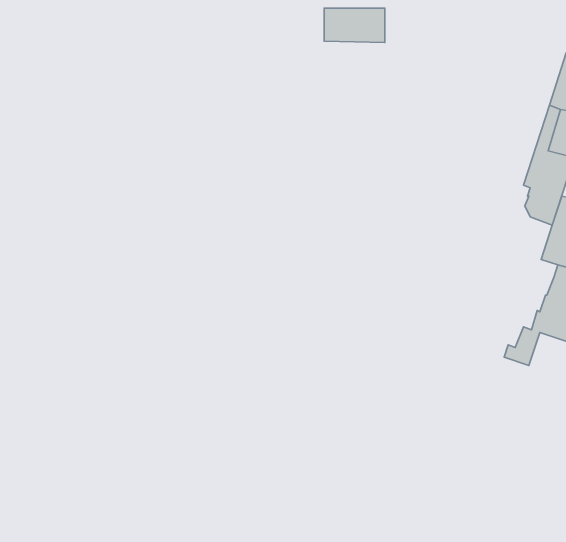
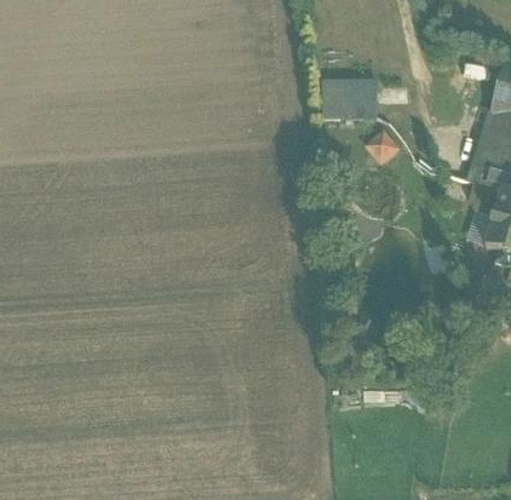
building: [324,8,385,42] -> [331,82,384,113]

